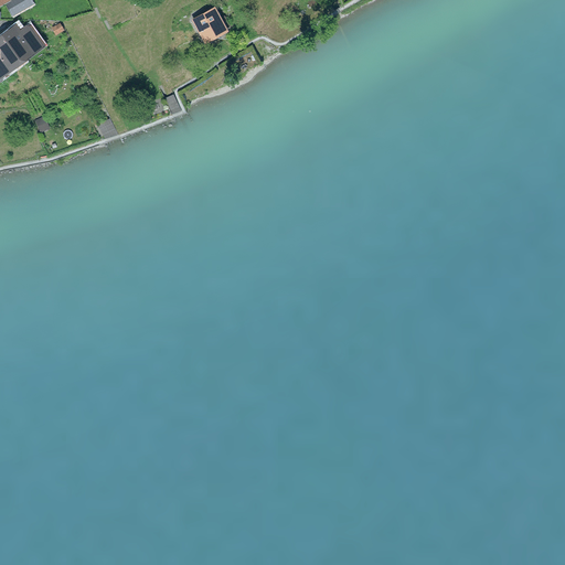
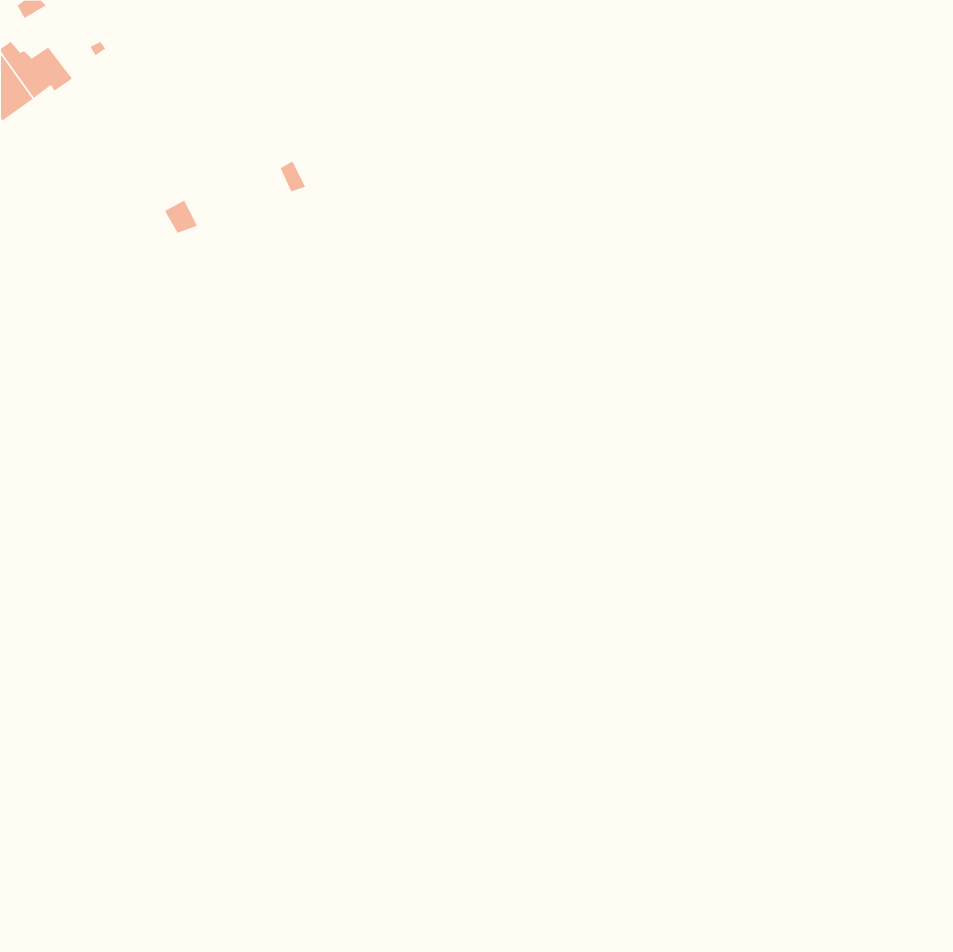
building: [195,11,228,40] -> none

